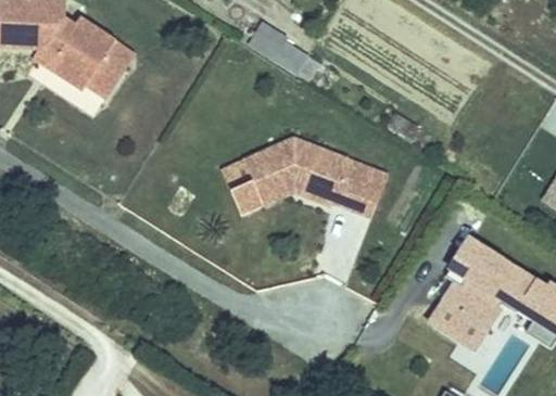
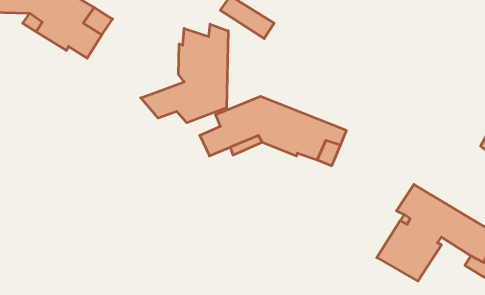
building: none -> [141,24,228,123]

